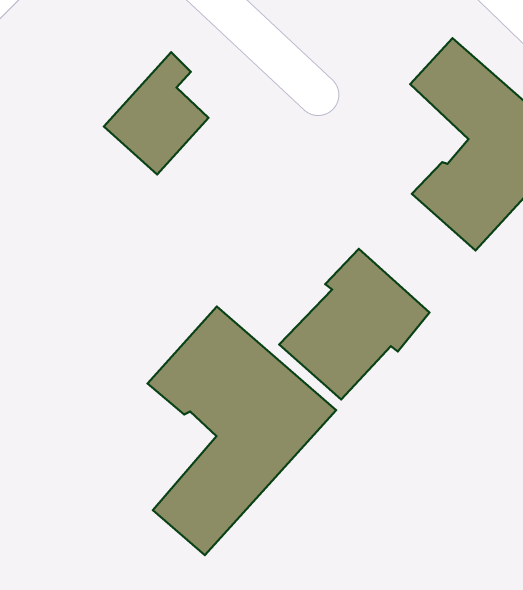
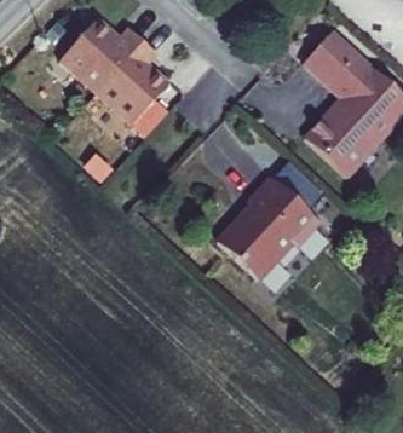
building: none -> [61,21,142,92]
building: [147,306,336,555] -> none

